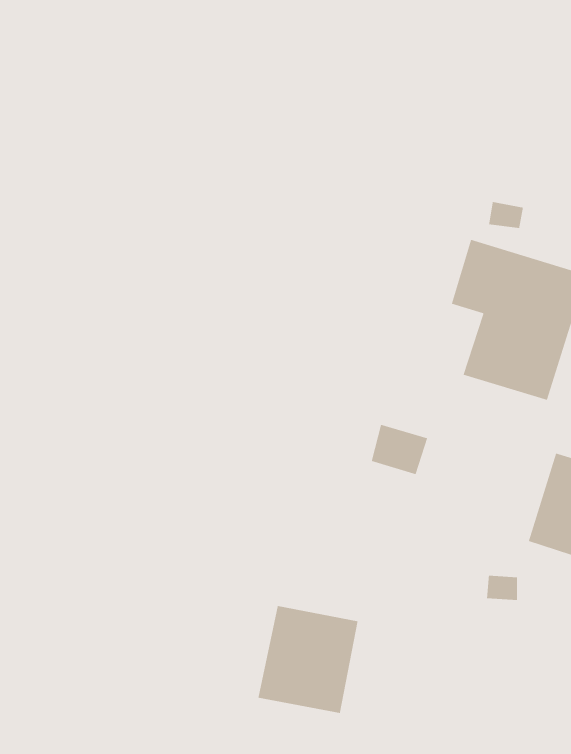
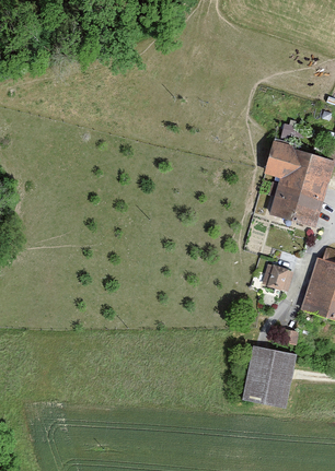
building: [371,424,428,475] -> [263,262,294,291]
building: [258,605,358,714] -> [240,343,296,403]

